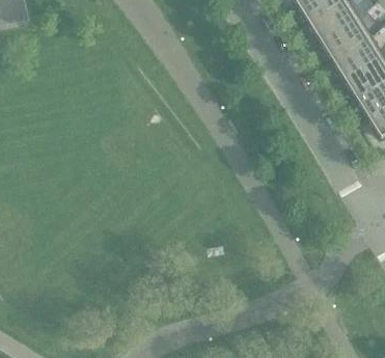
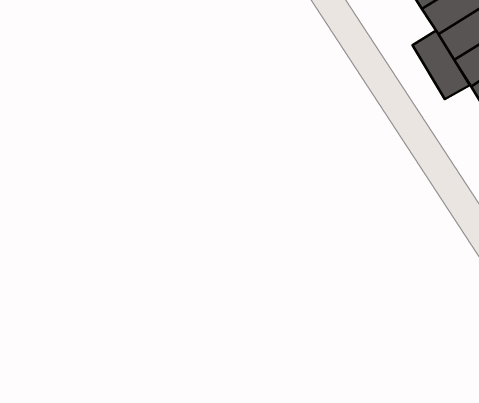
building: none -> [412,30,470,99]

